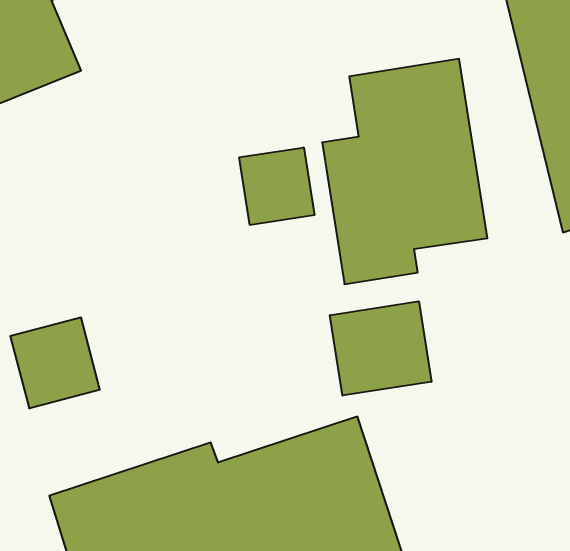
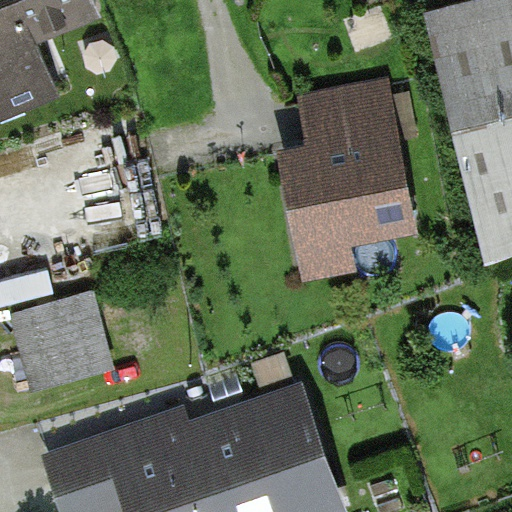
building: [239,147,314,225] -> none
building: [330,301,431,396] -> none

